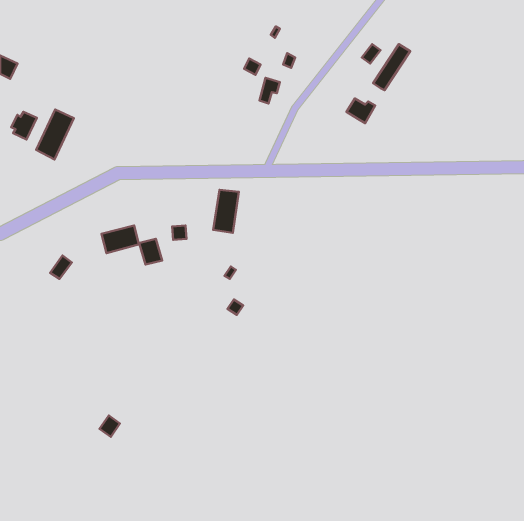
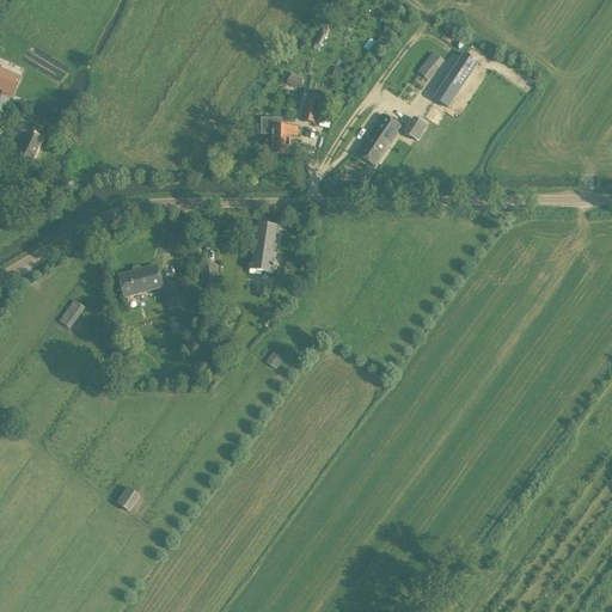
building: none -> [355,112,402,163]
building: none -> [270,123,296,152]
building: [36,110,74,159] -> none

